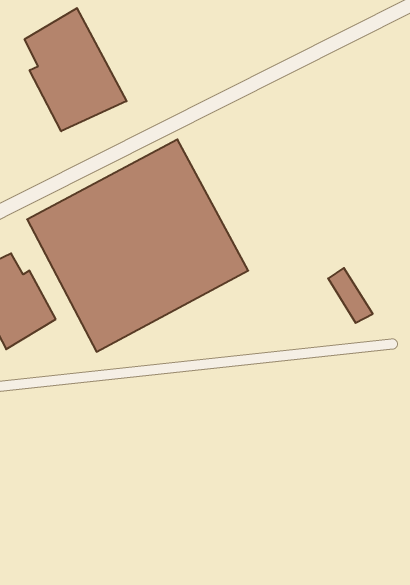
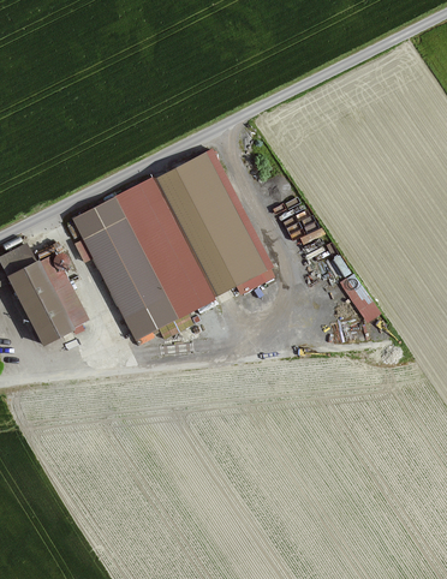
building: [25,8,127,131] -> none

